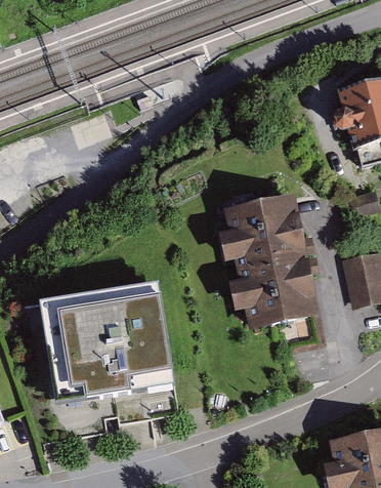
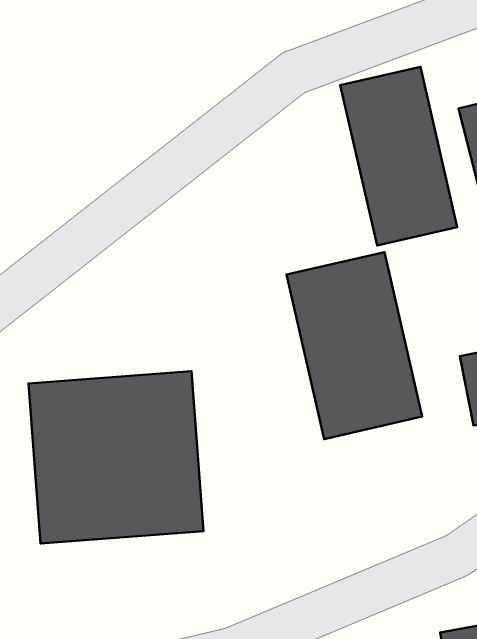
building: none -> [340,67,457,246]

